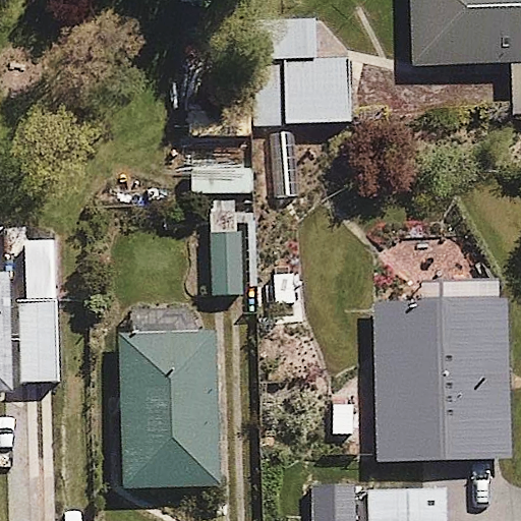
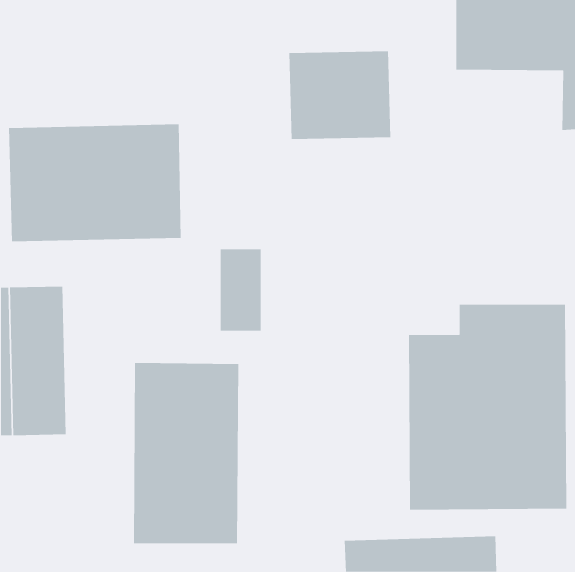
building: none -> [8,124,181,242]

